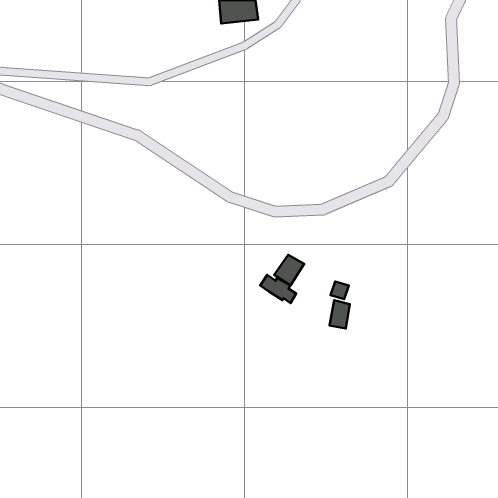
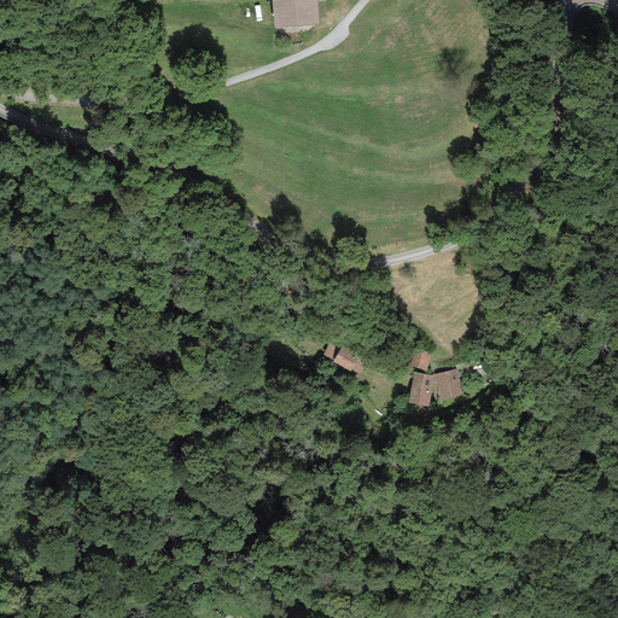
building: [274,255,304,286] -> none
building: none -> [433,369,462,401]

